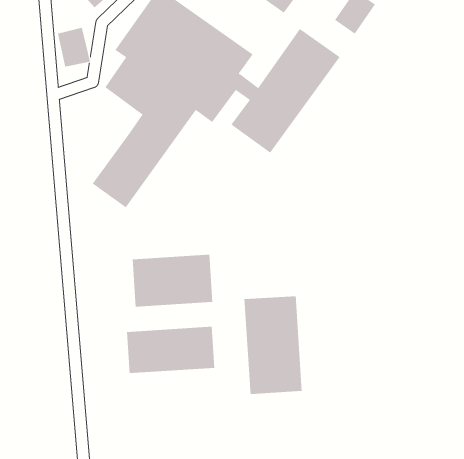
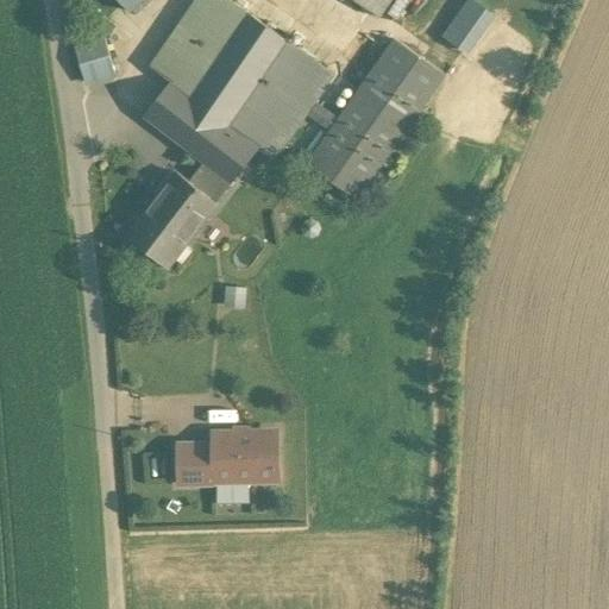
building: [132,254,213,307] -> none
building: [244,295,302,395] -> none

